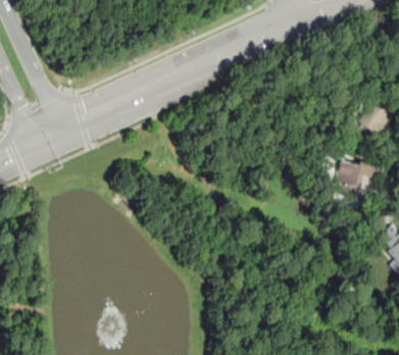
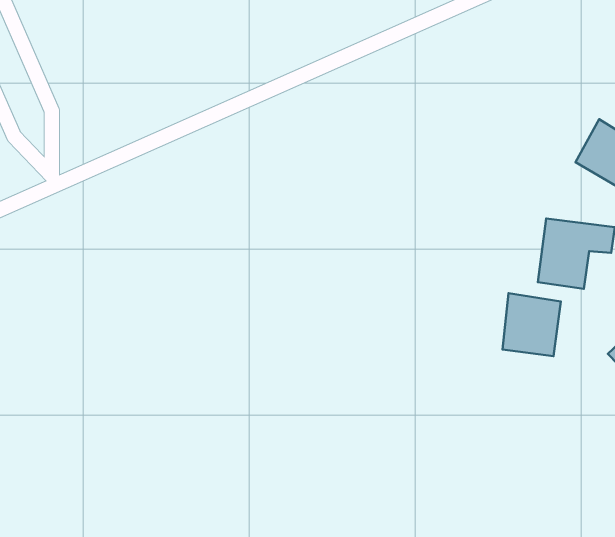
building: none -> [502,293,561,356]

